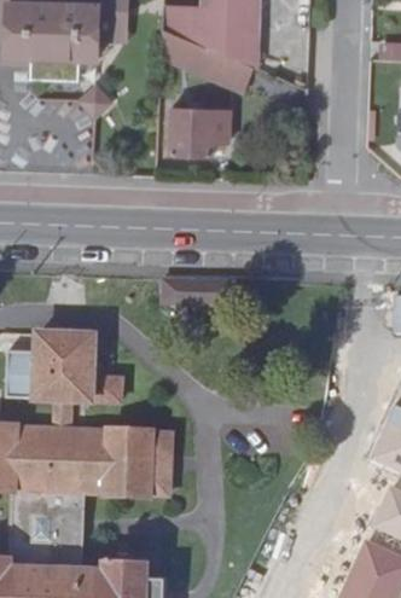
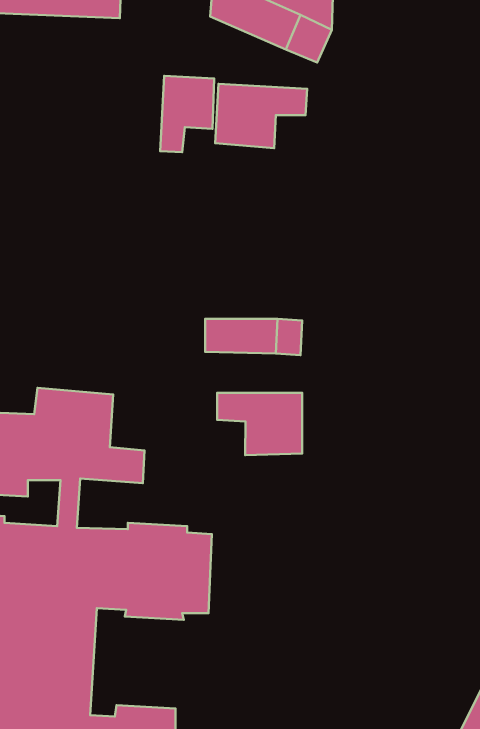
building: none -> [160,76,214,152]
building: none -> [217,393,302,455]

